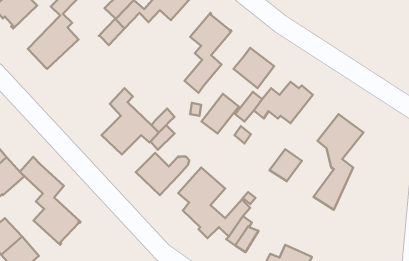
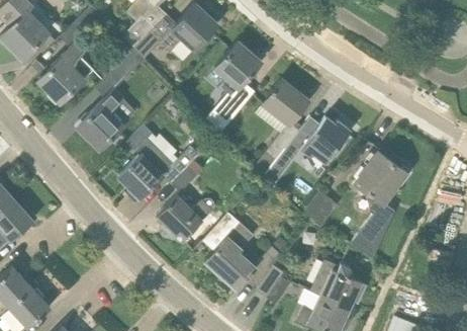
building: none -> [77,89,135,150]
building: [201,94,239,133] -> none
building: [20,157,81,245] -> none
building: none -> [310,260,362,310]

